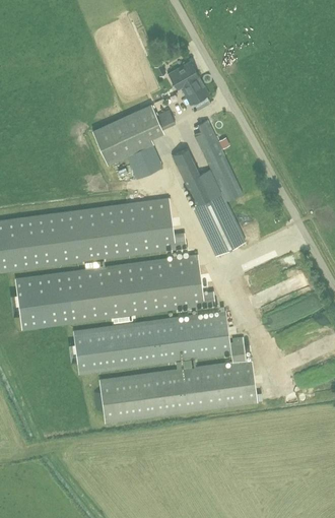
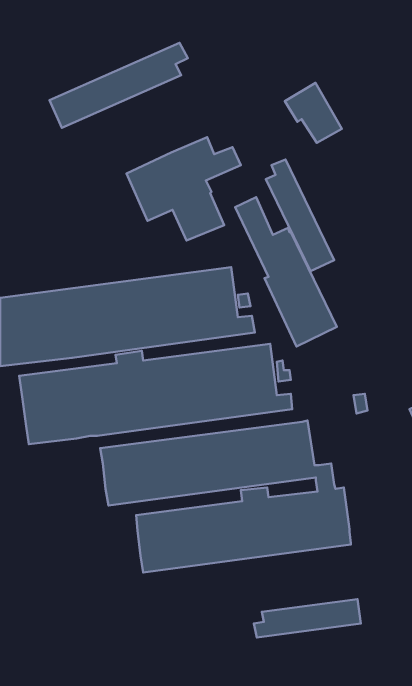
building: none -> [49,43,188,128]
building: [168,62,209,106] -> [285,83,342,143]
building: none -> [254,599,361,638]

